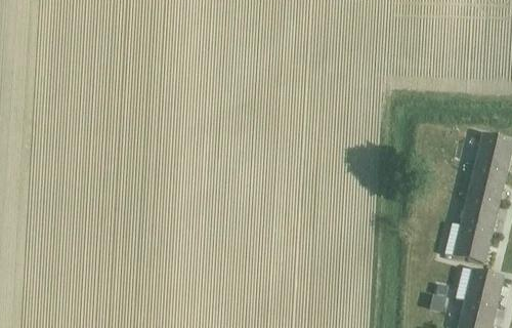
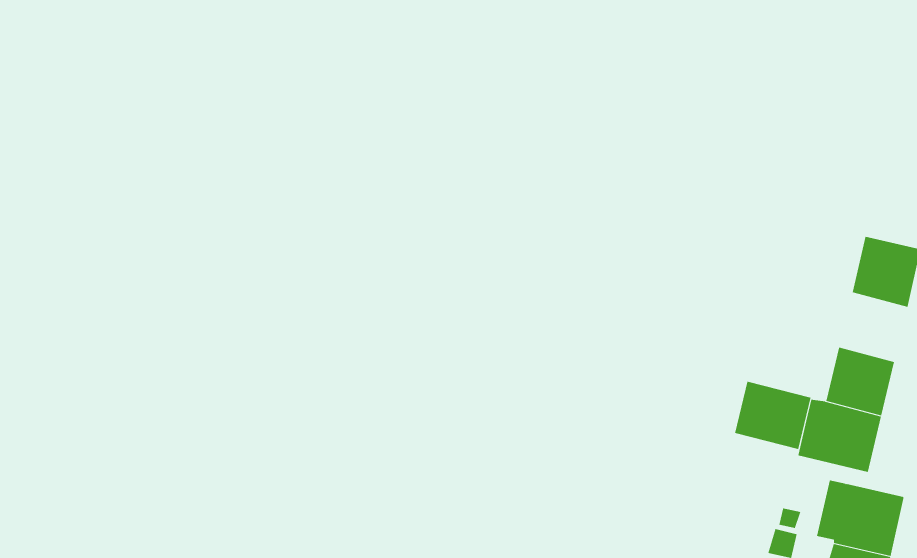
building: [468,165,506,203] -> none
building: none -> [735,381,811,450]

